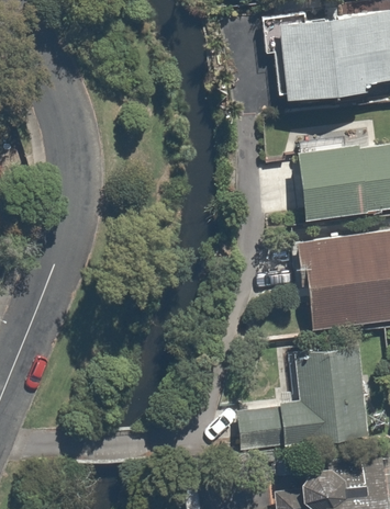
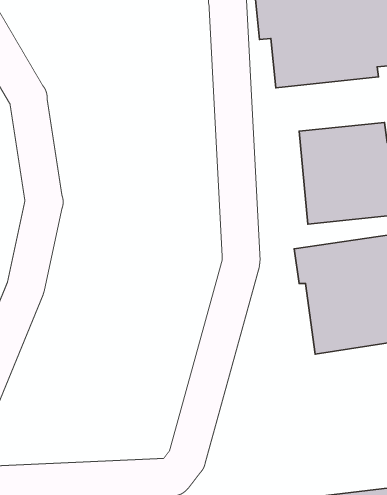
building: [236,348,365,448] -> none

